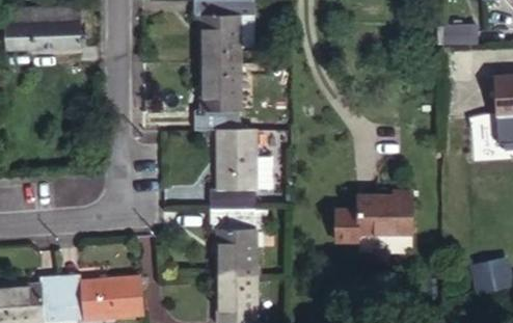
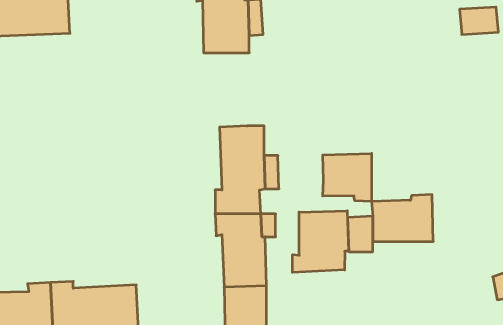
building: [195,65,243,133] -> none
building: none -> [323,153,372,201]
building: none -> [292,211,349,272]

